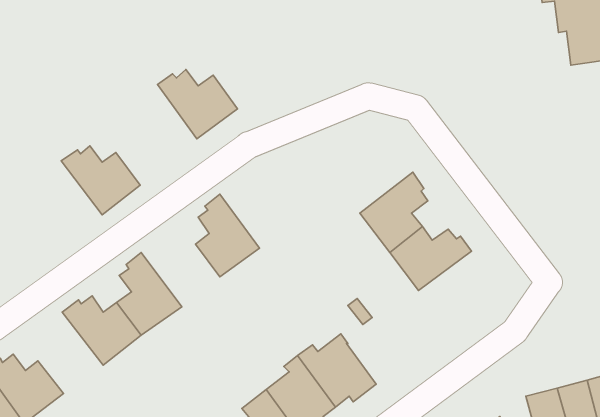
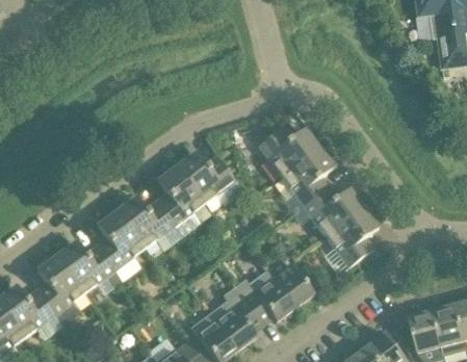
building: [157,70,238,139] -> [173,152,234,205]
building: [61,146,140,215] -> [112,197,173,250]
building: none -> [257,128,320,178]
building: none -> [325,207,377,268]
building: none -> [33,254,83,316]
building: none -> [269,264,312,309]

